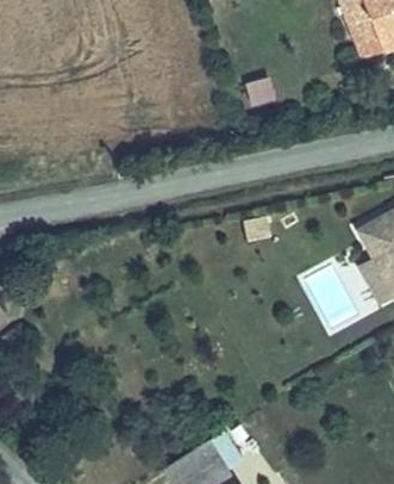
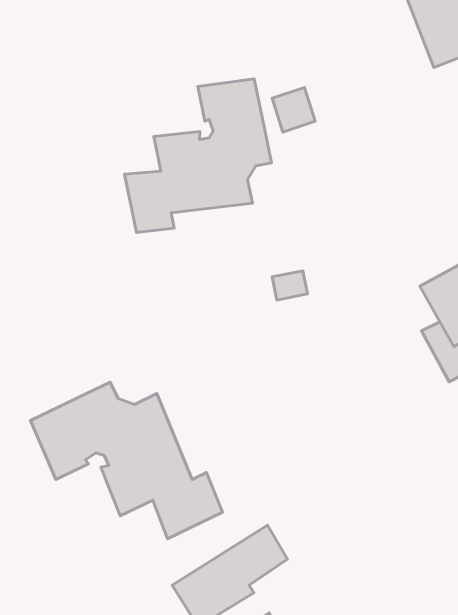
building: none -> [124,79,271,232]
building: none -> [30,382,223,539]

